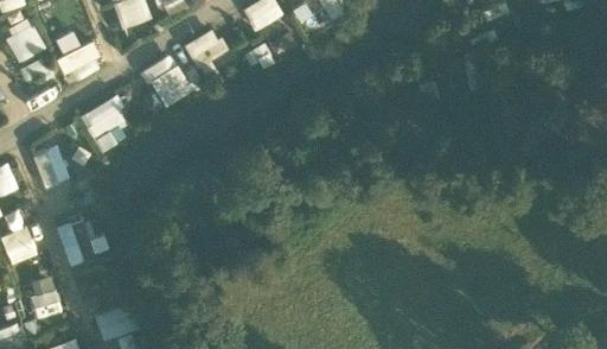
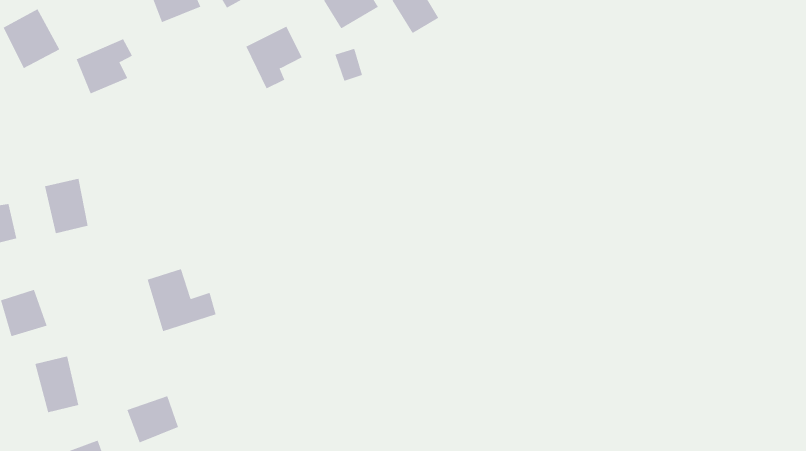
building: [142,52,187,107] -> none
building: [82,96,126,151] -> none
building: [57,216,109,264] -> [147,268,217,332]

